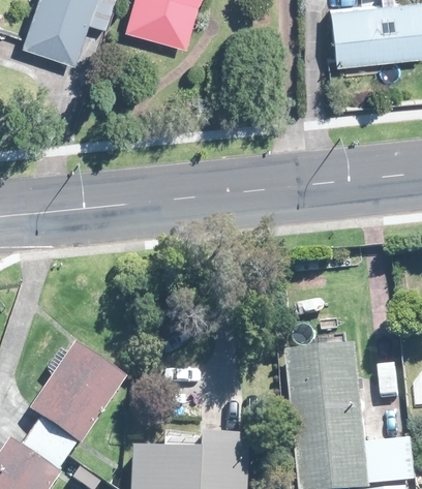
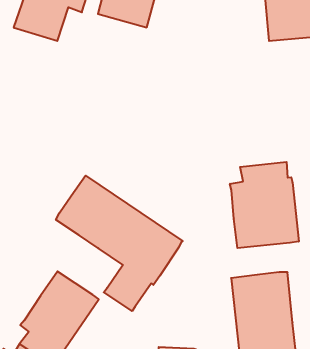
building: none -> [230,162,299,248]
building: none -> [56,176,183,311]

